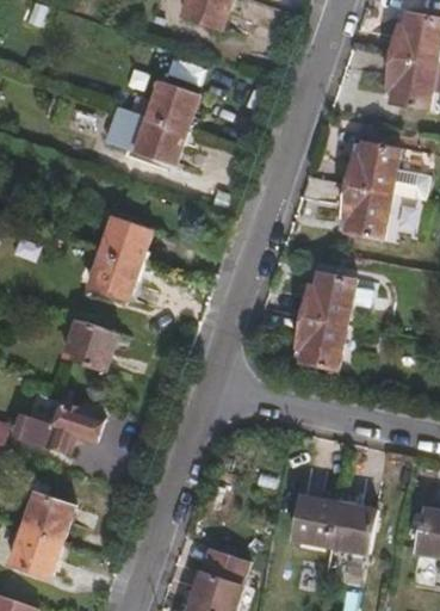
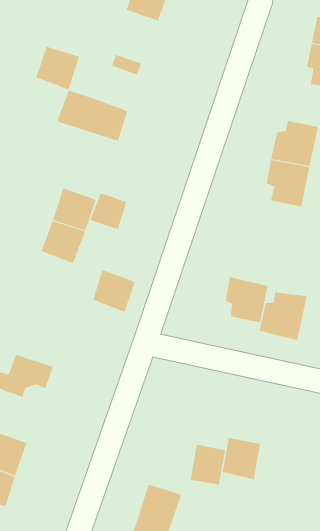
building: [148,78,198,128] -> [36,46,80,90]
building: none -> [90,193,127,230]
building: [300,271,355,326] -> [259,292,307,340]
building: [64,320,113,369] -> [92,269,136,312]
building: [329,505,370,551] -> [190,444,226,485]

